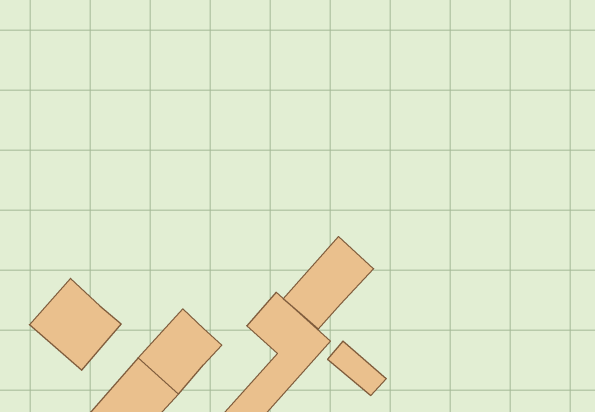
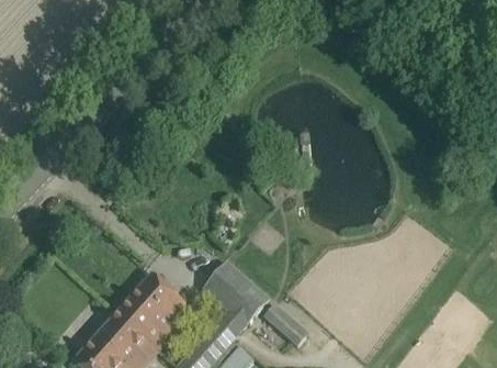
building: [283,237,374,329] -> none
building: [29,278,121,370] -> none

